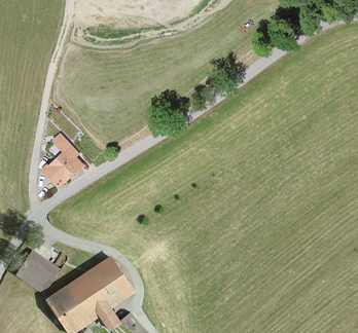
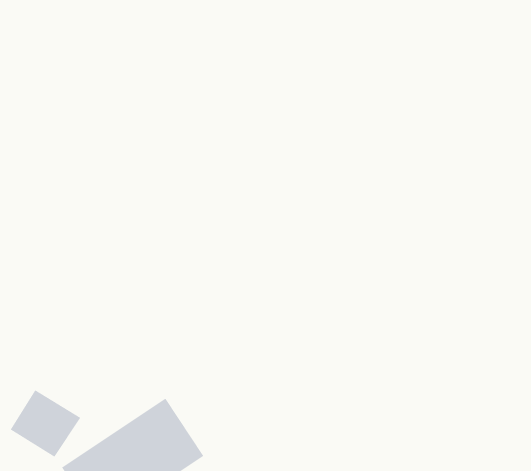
building: [40,133,81,188] -> none

